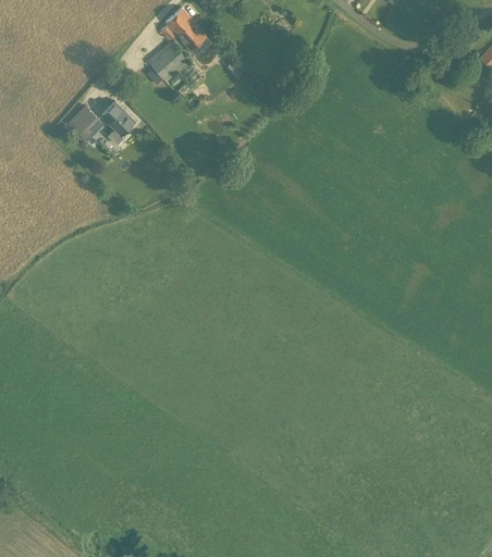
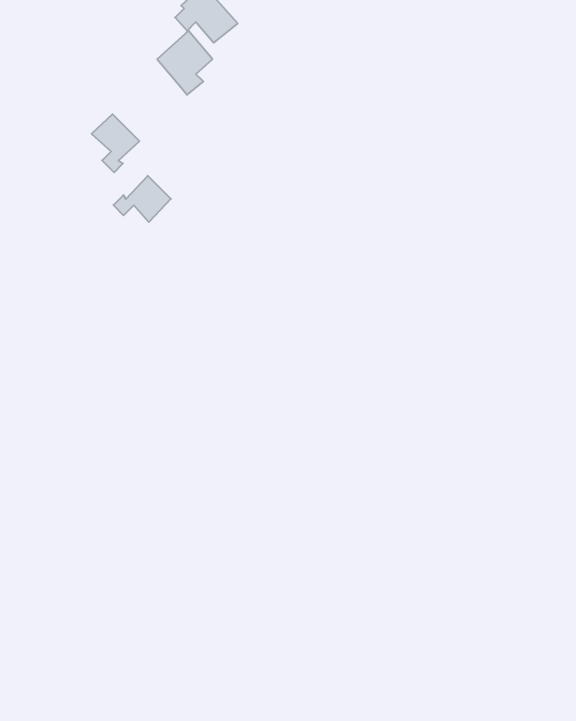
building: [67,107,103,143] -> none
building: none -> [113,176,171,222]

